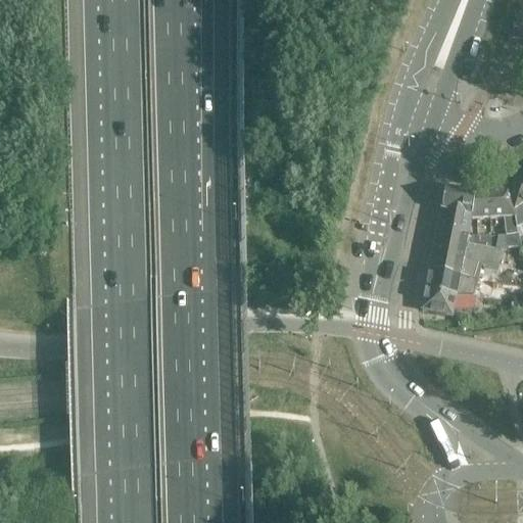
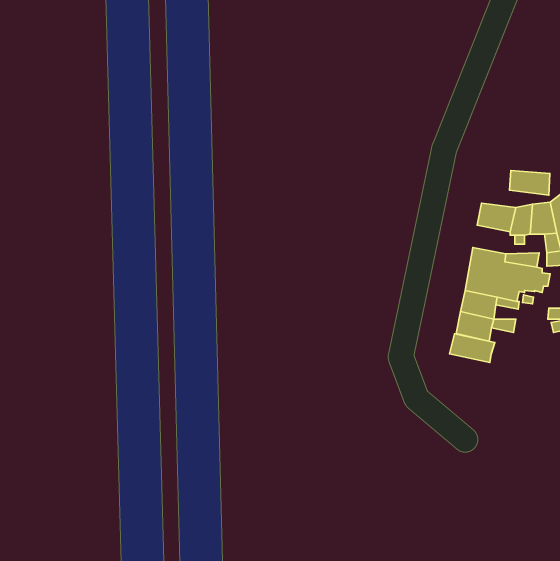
building: none -> [509,171,550,195]
building: [441,208,476,235] -> none
building: none -> [449,334,495,362]

